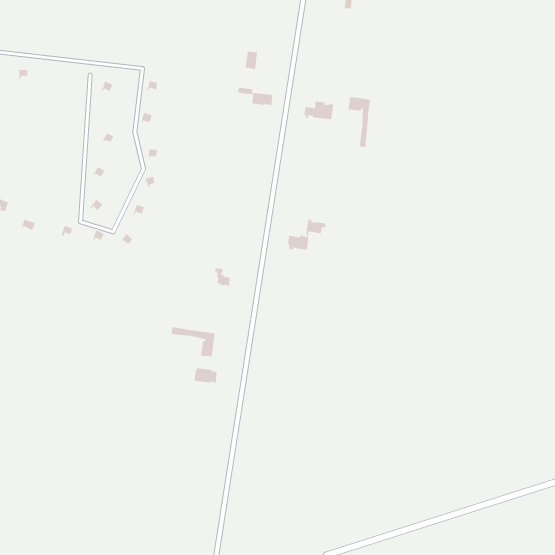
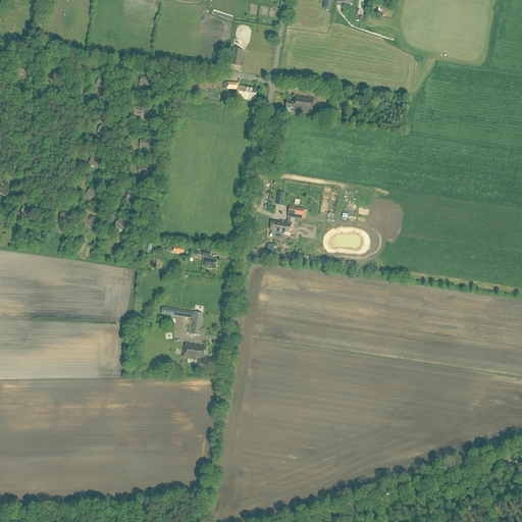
building: [348,97,371,148] -> none

